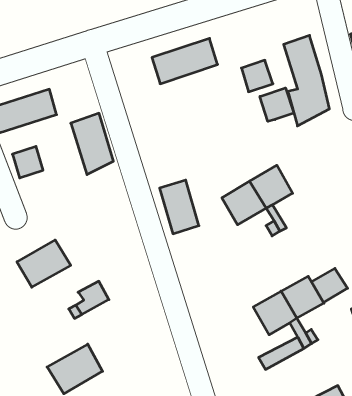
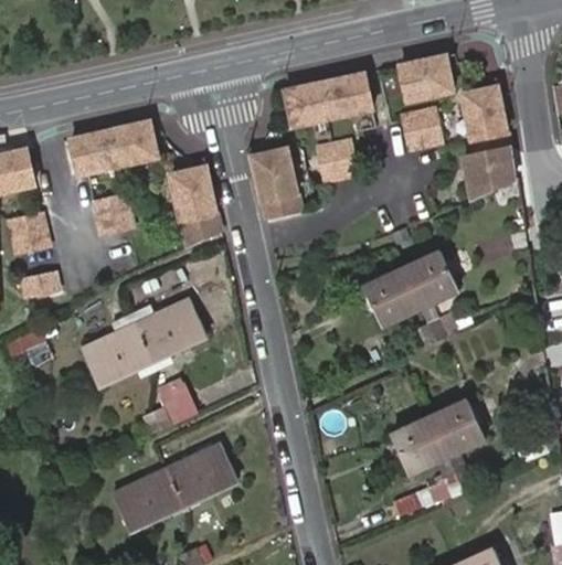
building: none -> [400,57,453,103]
building: [260,88,294,121] -> none
building: none -> [317,143,357,183]
building: [160,180,199,234] -> [252,149,299,218]
building: none -> [137,297,209,359]
building: [312,268,348,302] -> none
building: none -> [168,440,240,502]

